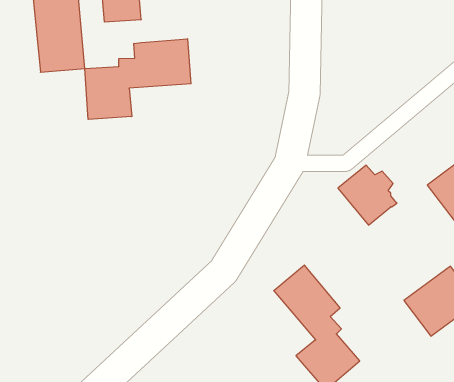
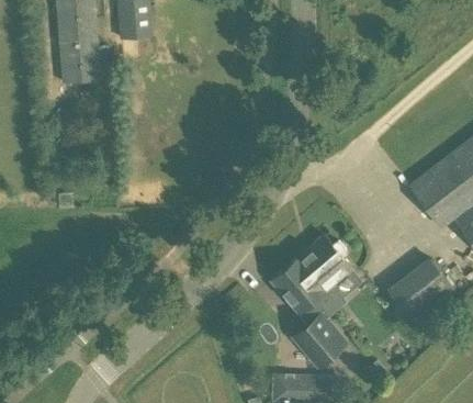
building: [85,39,191,119] -> none
building: [338,165,397,225] -> [299,236,351,290]

